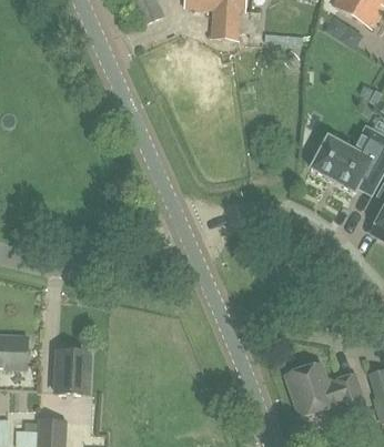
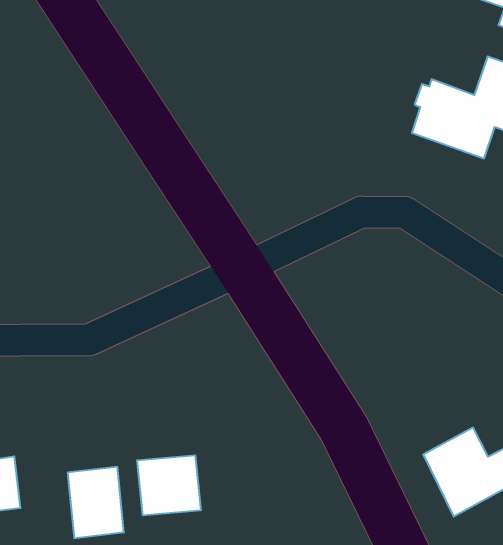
building: none -> [137,455,201,515]

